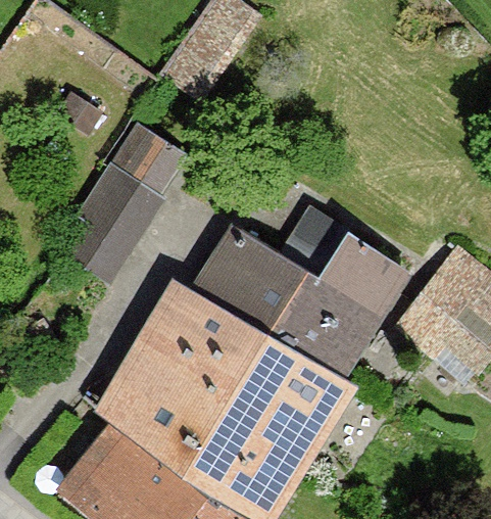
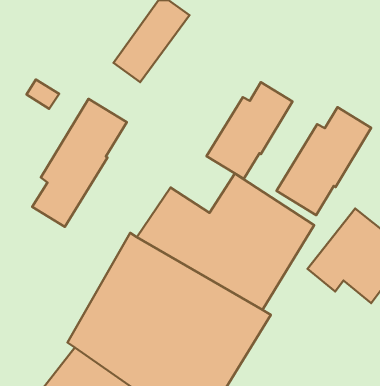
building: none -> [207,82,293,179]
building: none -> [276,107,371,215]

